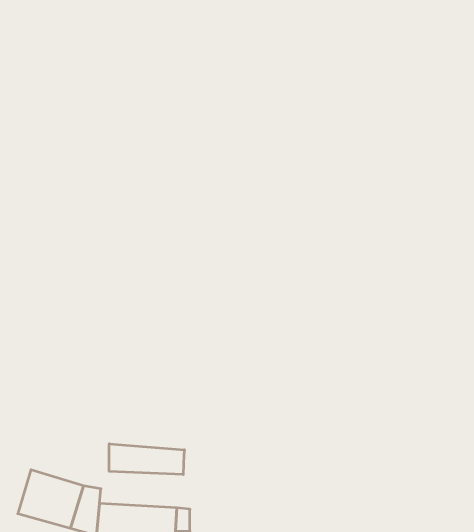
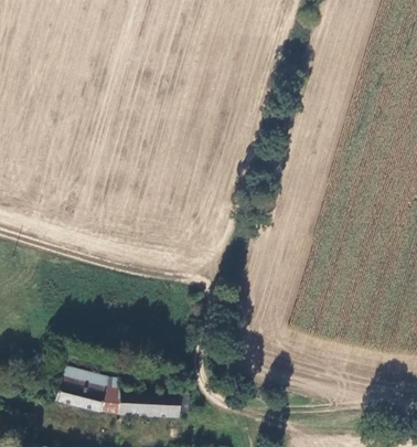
building: [109,444,184,475] -> none

